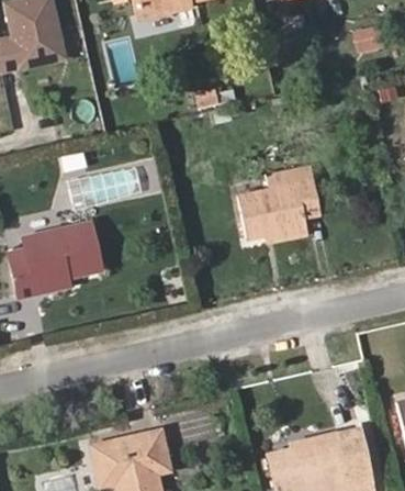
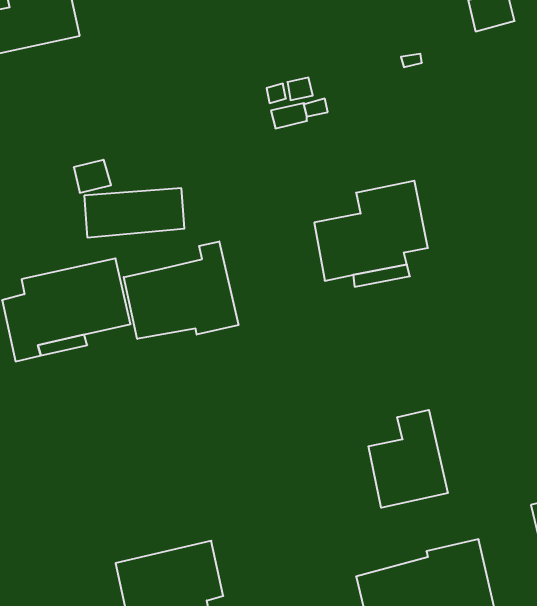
building: none -> [124,241,238,339]
building: none -> [368,410,448,508]

